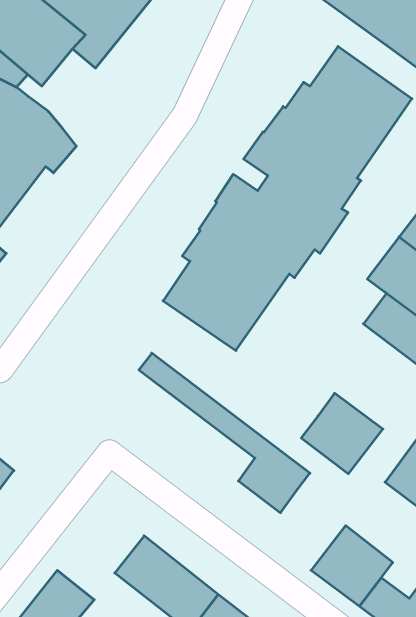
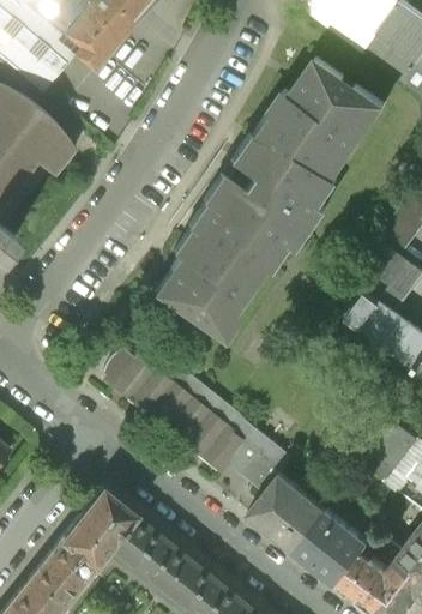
building: none -> [108,359,241,472]
building: [301,393,383,474] -> [249,471,326,547]
building: none -> [55,487,137,574]

